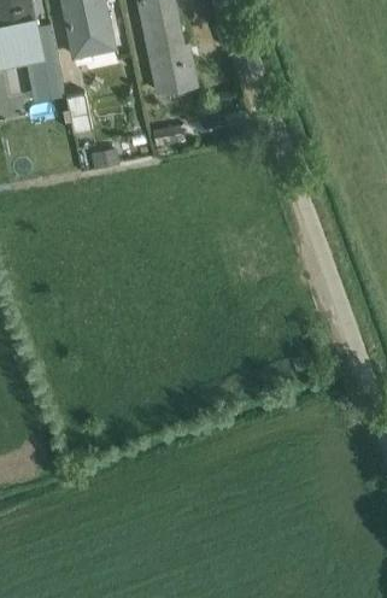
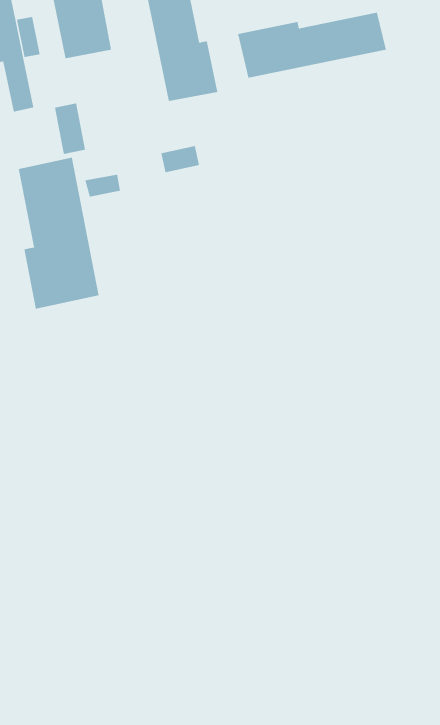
building: none -> [237,12,386,78]
building: none -> [18,157,99,309]

